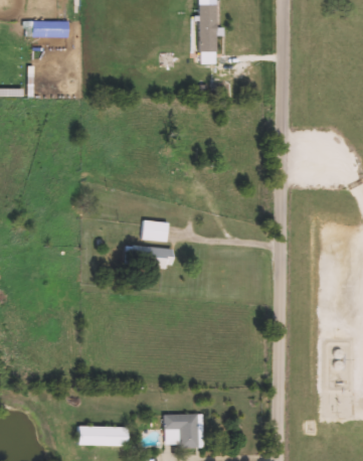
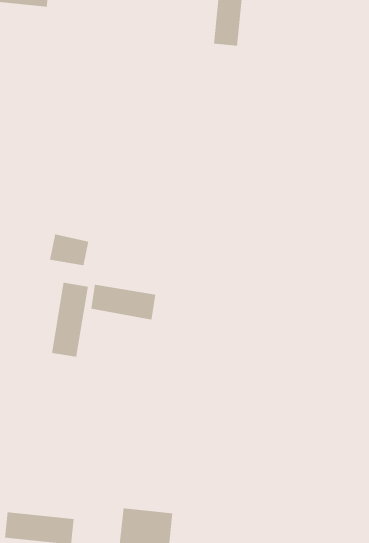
building: [141,218,170,241] -> [49,234,89,266]
building: none -> [52,282,88,358]

